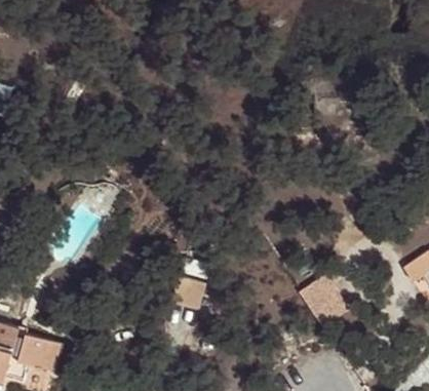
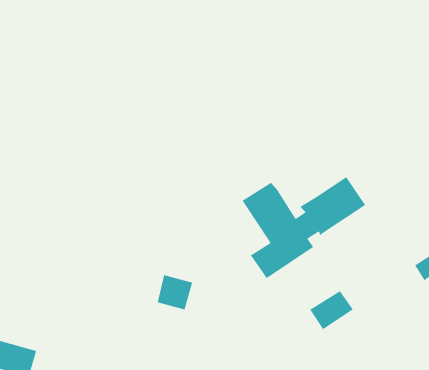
building: none -> [241,176,366,279]

